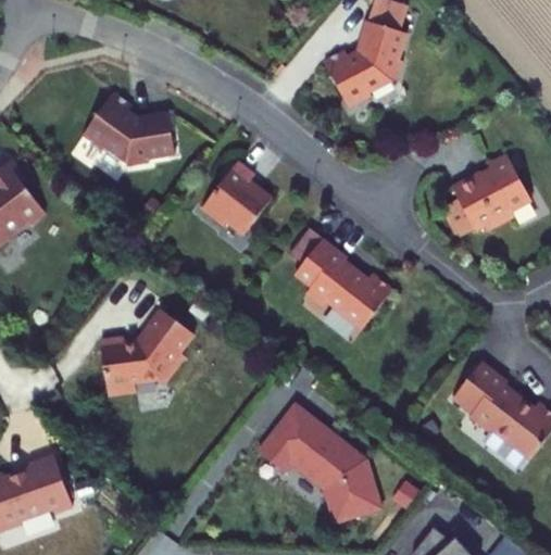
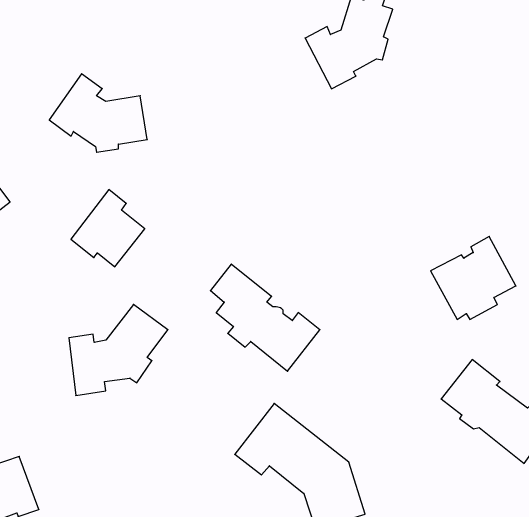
building: [202,162,272,235] -> [71,190,145,267]
building: [439,162,519,240] -> [431,236,516,319]
building: [289,228,392,329] -> [210,264,320,371]

